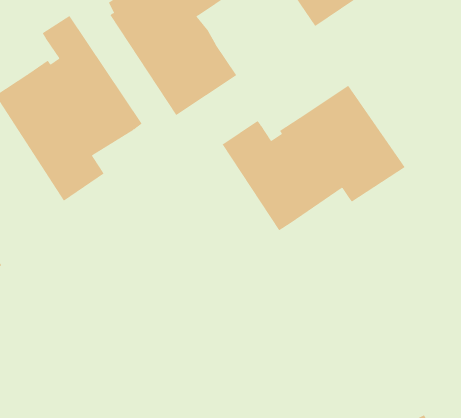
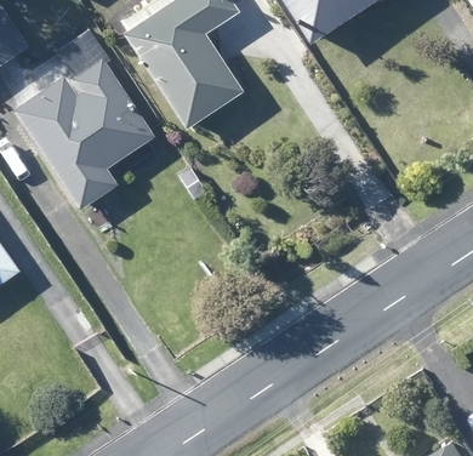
building: [222,85,405,231] -> none

